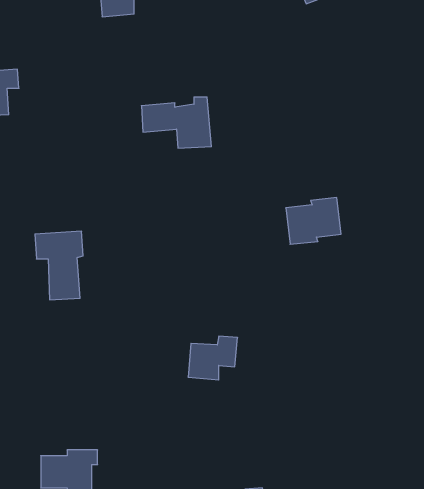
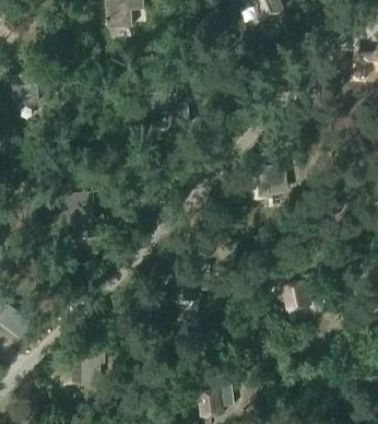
building: none -> [282,275,312,311]

